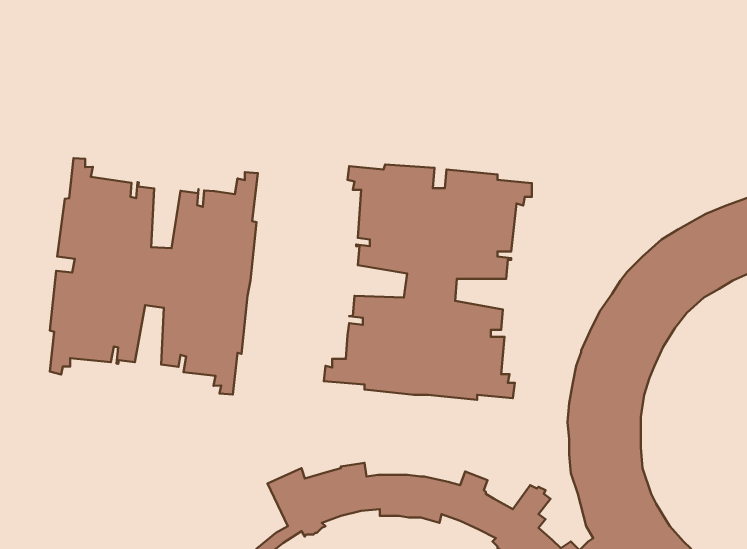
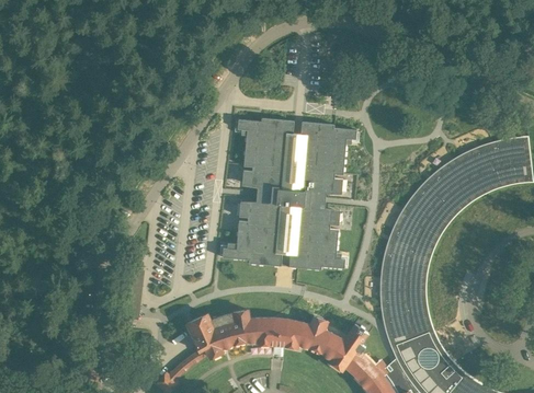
building: [50,158,258,395] -> none

